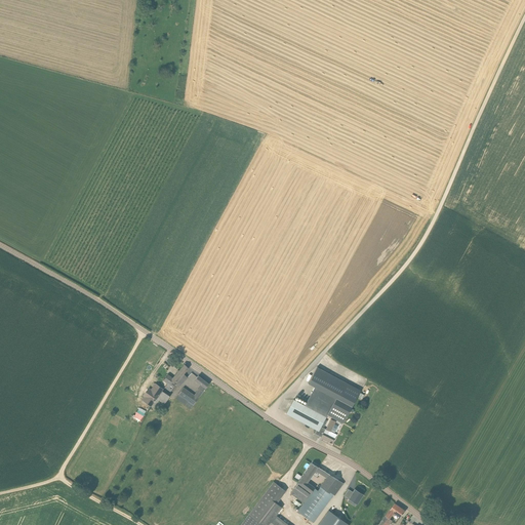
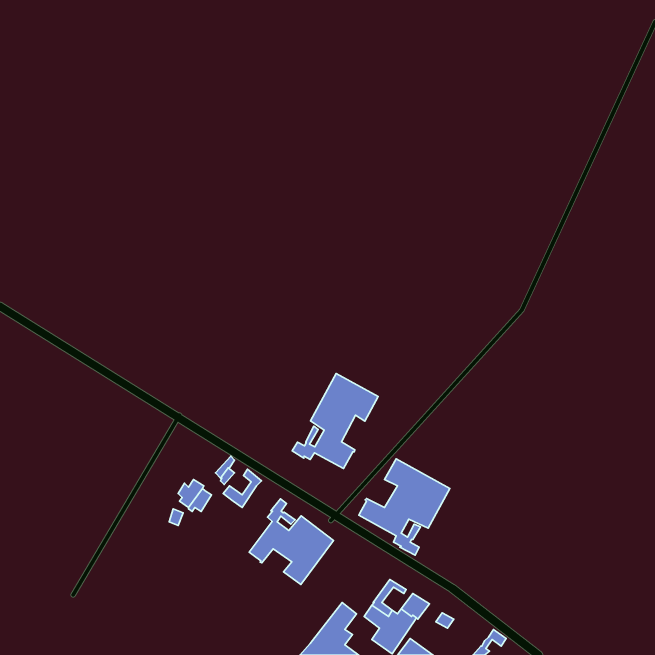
building: none -> [292,374,378,469]
building: none -> [249,499,334,584]

